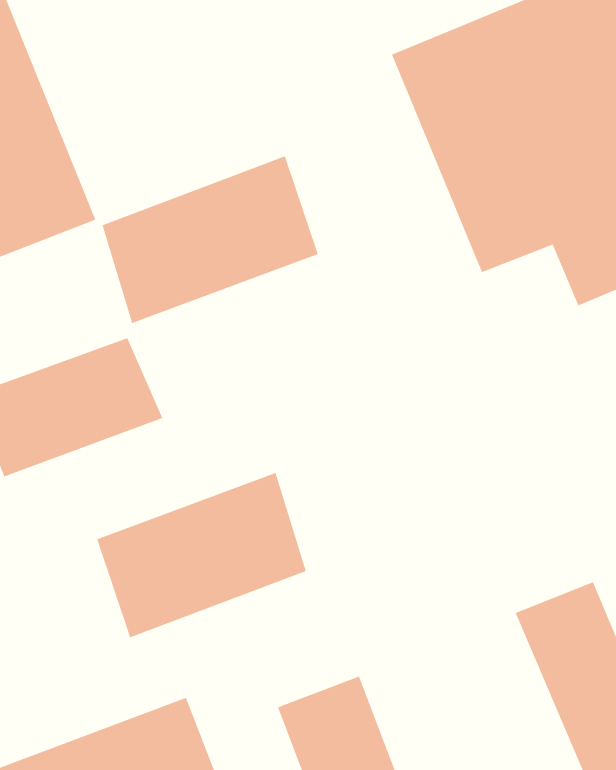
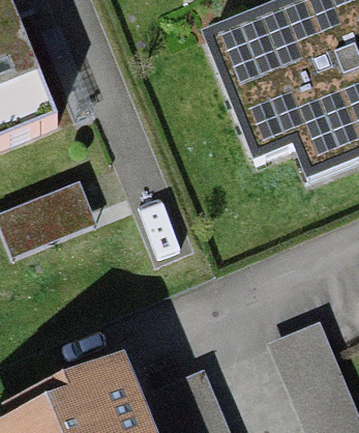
building: [102,156,318,324] -> none
building: [96,472,306,638] -> none

